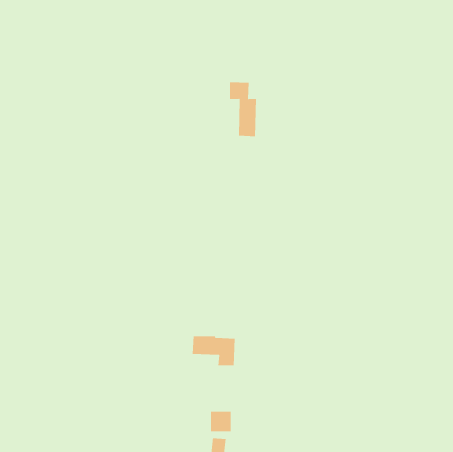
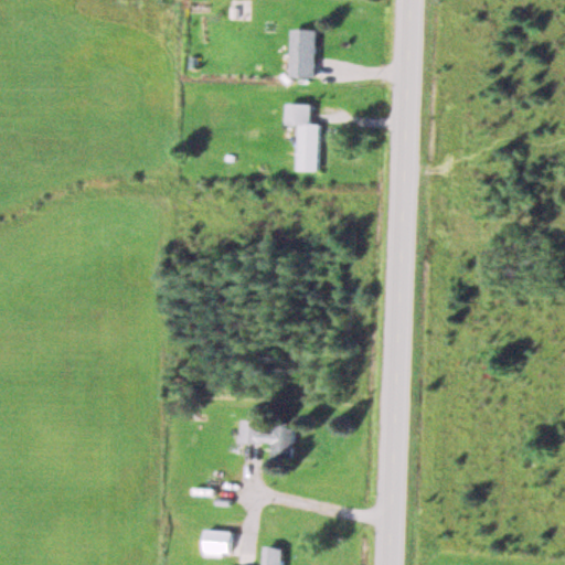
building: none -> [289,30,313,78]
building: [210,411,232,432] -> [203,531,230,556]

